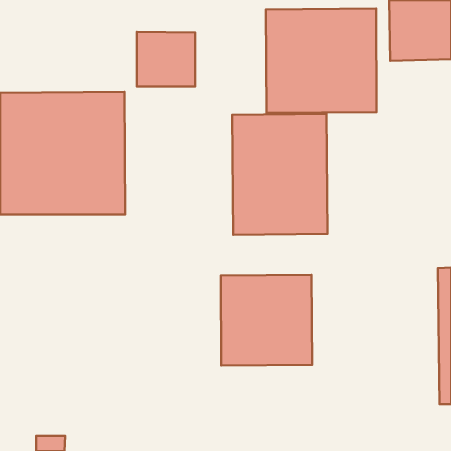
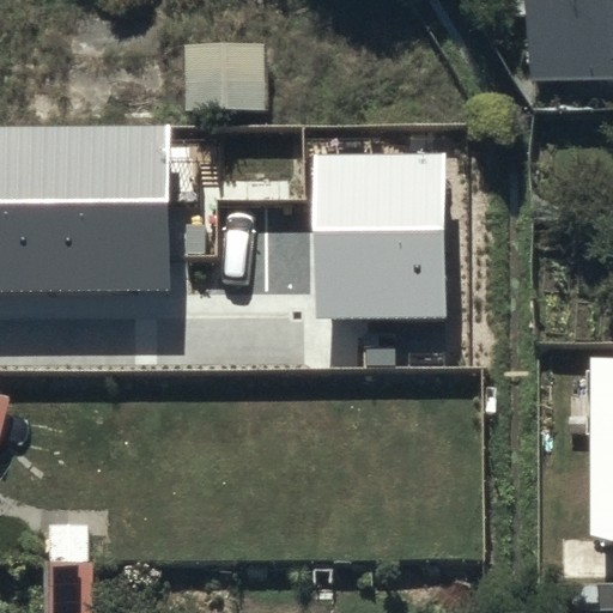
building: [266,9,377,113] -> none
building: [221,275,312,365] -> none

